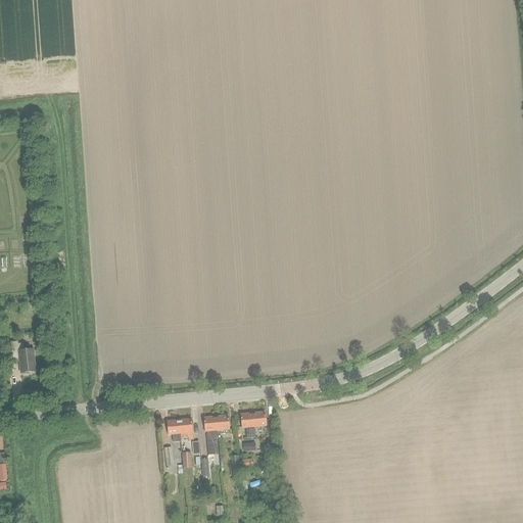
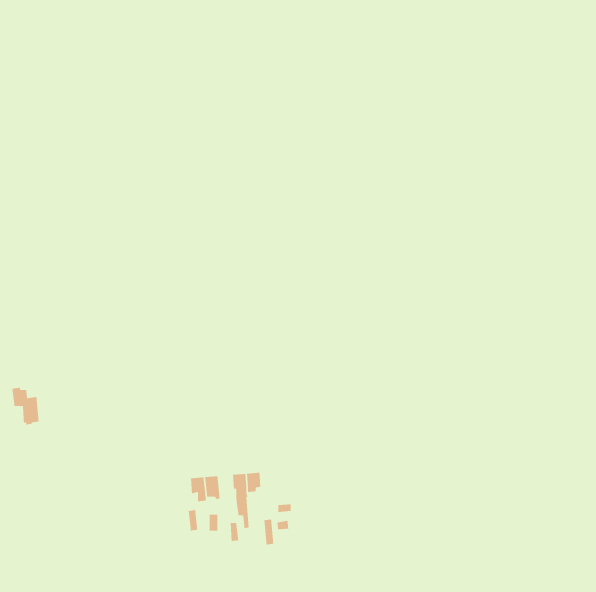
building: [240,410,266,436] -> none

